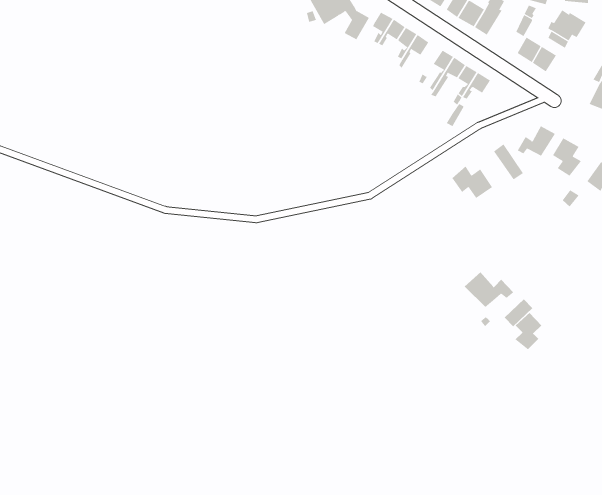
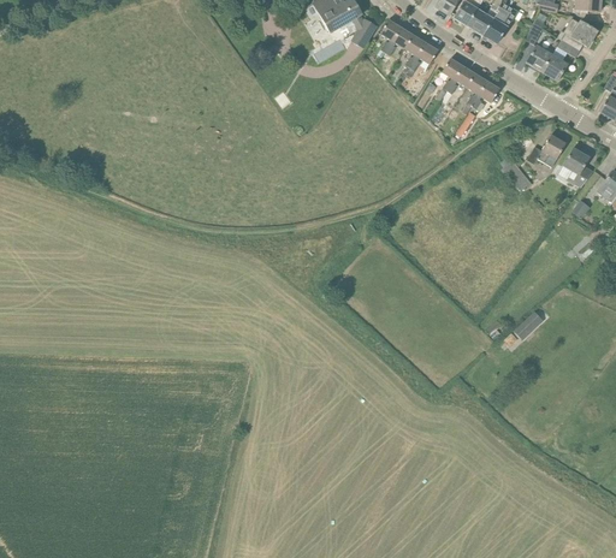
building: [452,165,493,199] -> none
building: [464,272,514,308] -> none
building: [514,312,542,350] -> none

